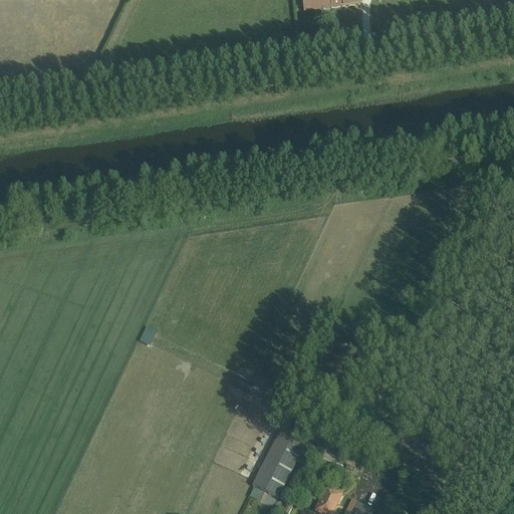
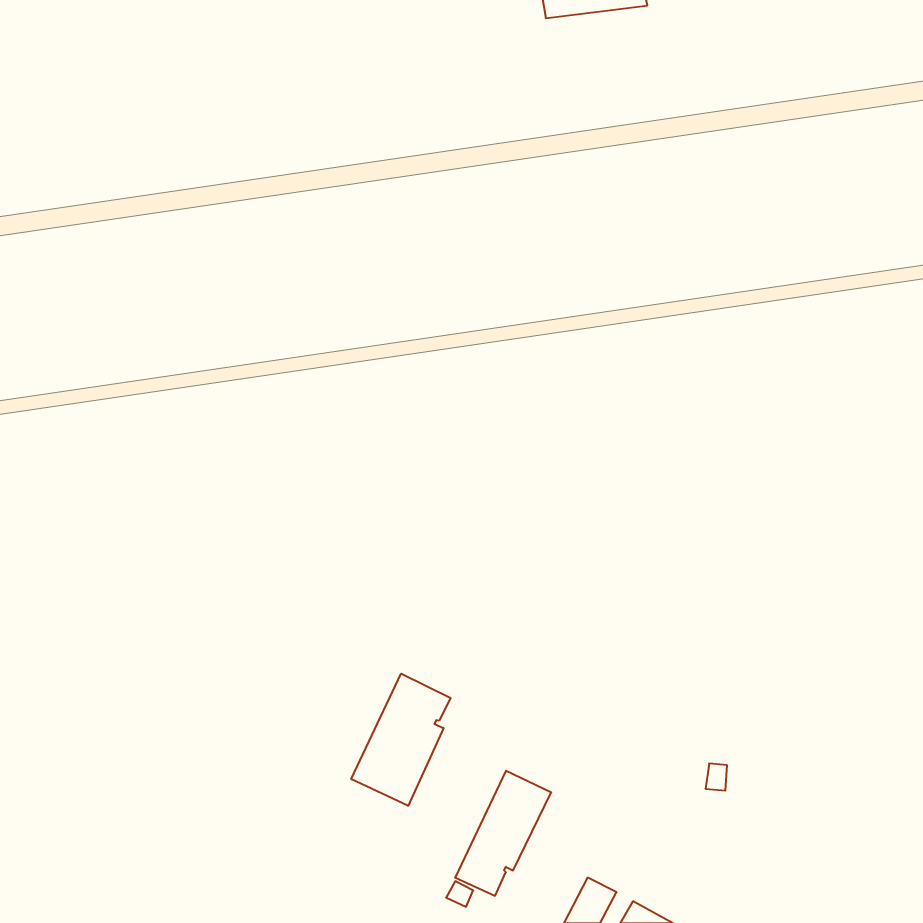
building: none -> [351,674,450,806]

